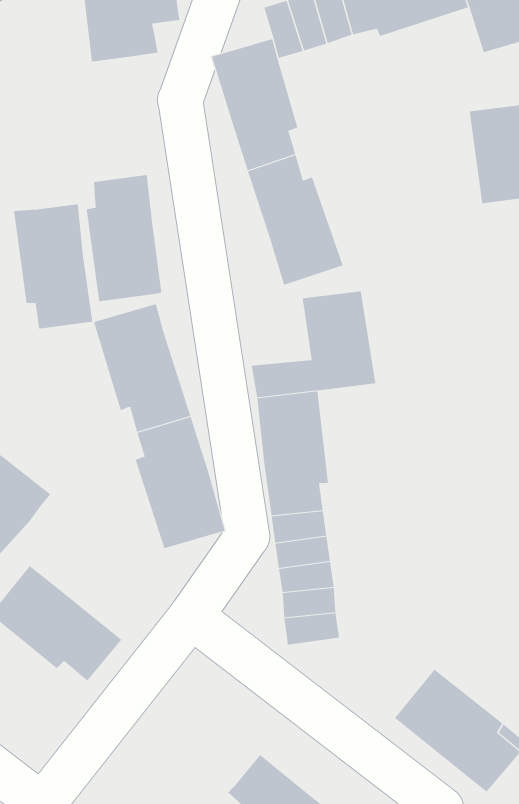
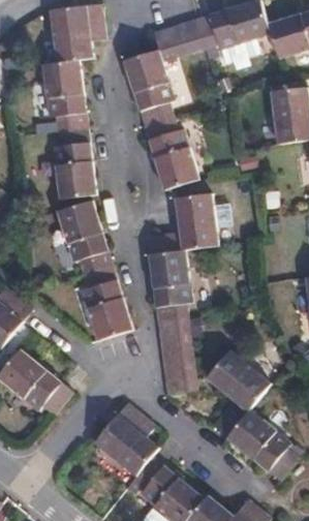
building: [13,204,93,329] -> [42,60,88,131]
building: none -> [208,350,272,436]
building: none -> [95,402,159,476]

